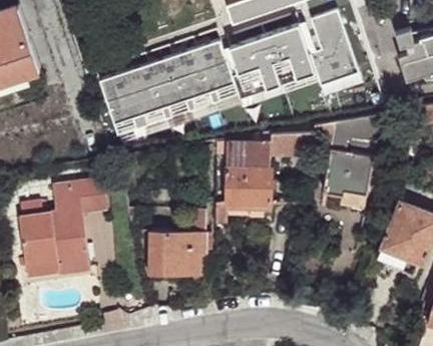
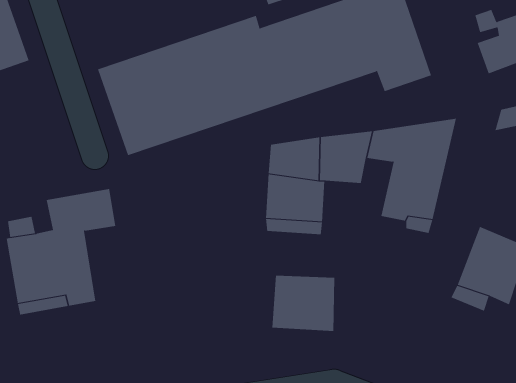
building: [150,227,201,272] -> [271,275,335,332]

